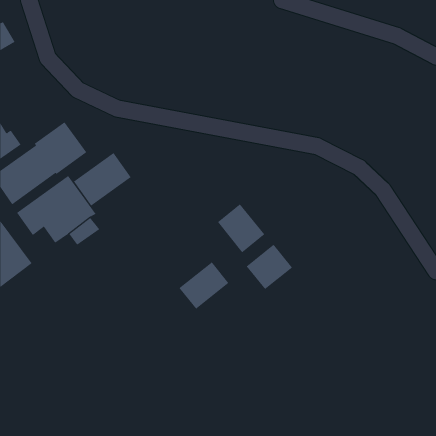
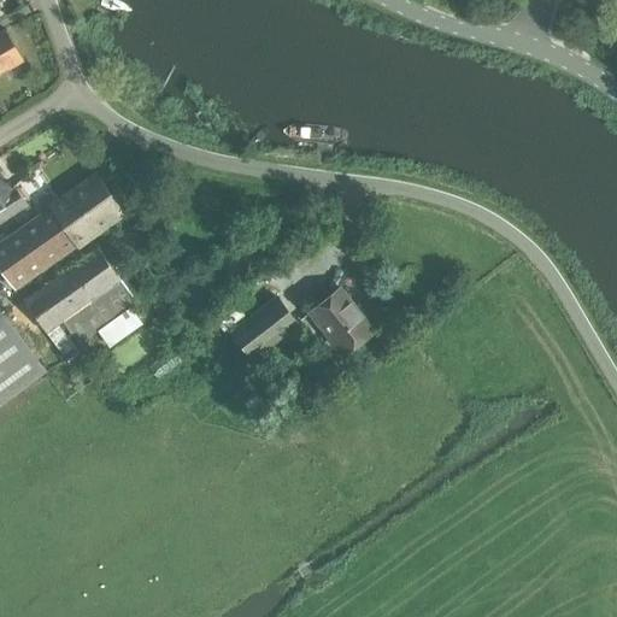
building: [73,152,132,206] -> none
building: [246,244,293,290] -> none
building: [179,262,229,309] -> [228,295,299,363]

